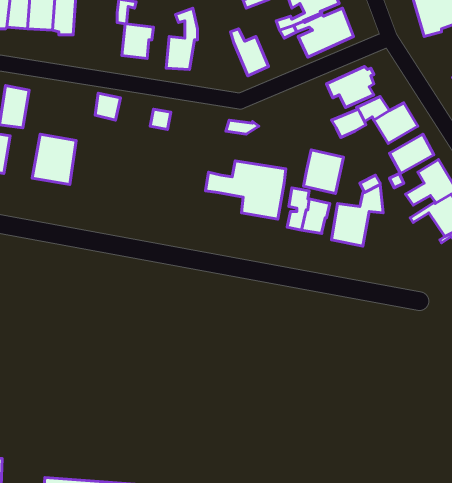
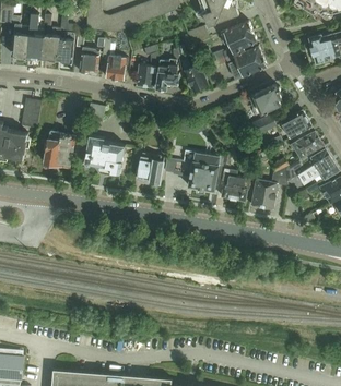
building: none -> [79,48,99,73]
building: none -> [156,59,179,89]
building: none -> [85,135,125,173]
building: [303,150,343,194] -> none
building: none -> [138,153,164,184]

